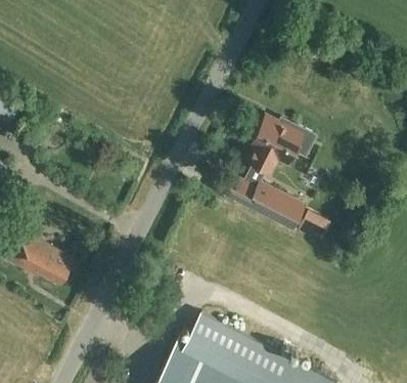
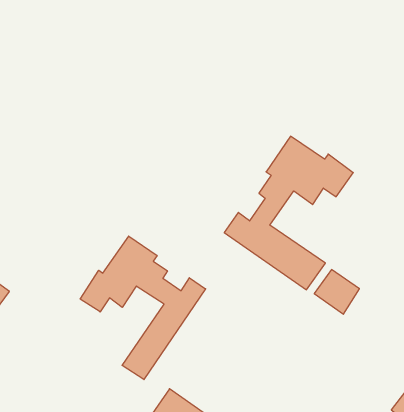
building: none -> [80,236,206,380]

